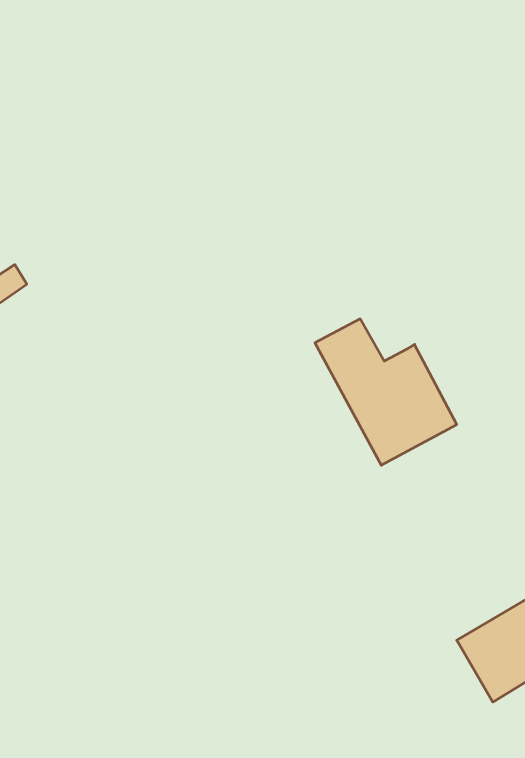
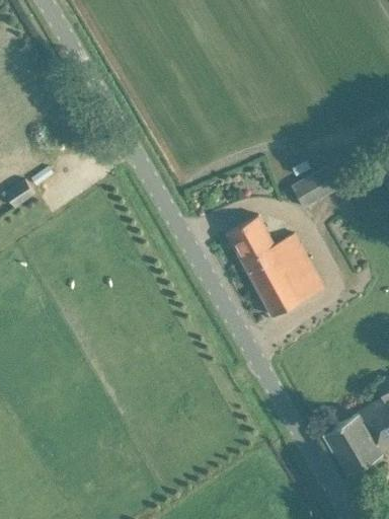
building: none -> [292,167,339,209]

